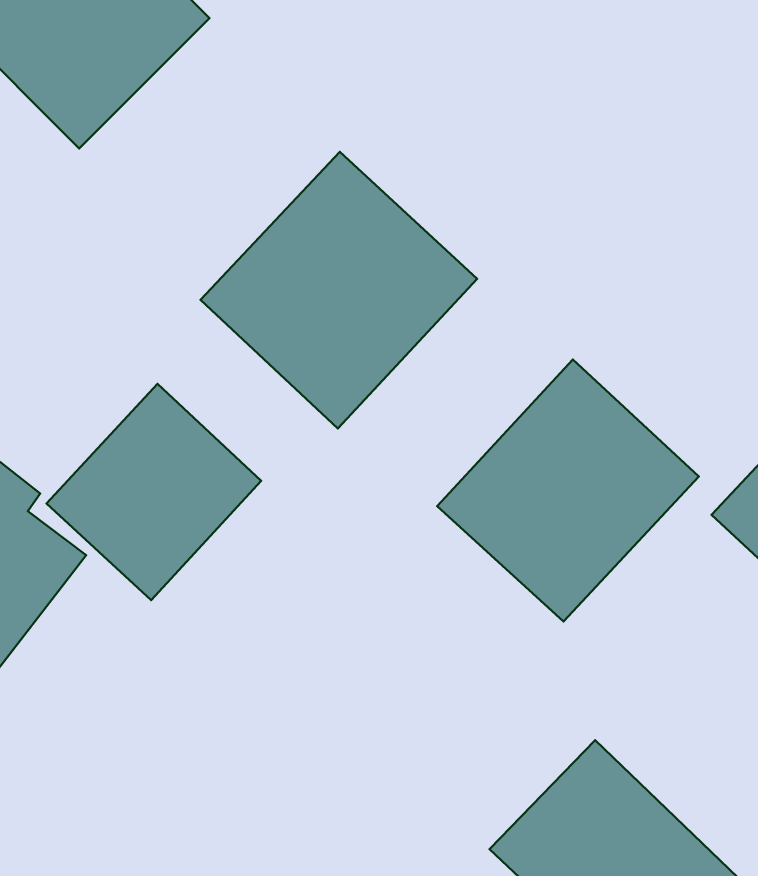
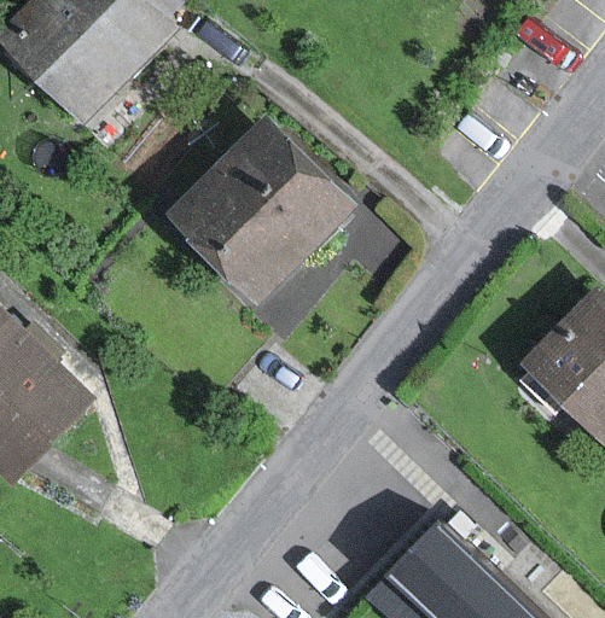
building: [437,359,699,622] -> none
building: [47,384,261,600] -> none

